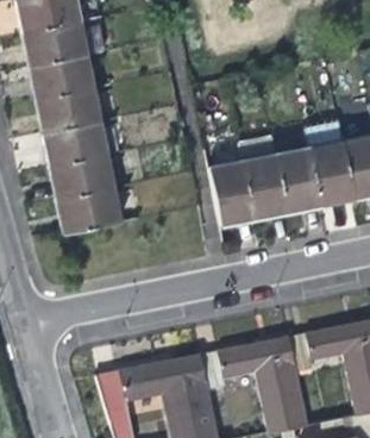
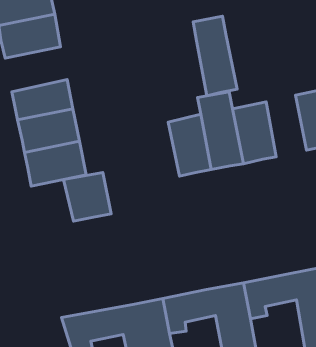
building: [36,88,101,136] -> none
building: [308,120,355,205] -> [193,16,237,96]
building: none -> [63,172,111,221]

